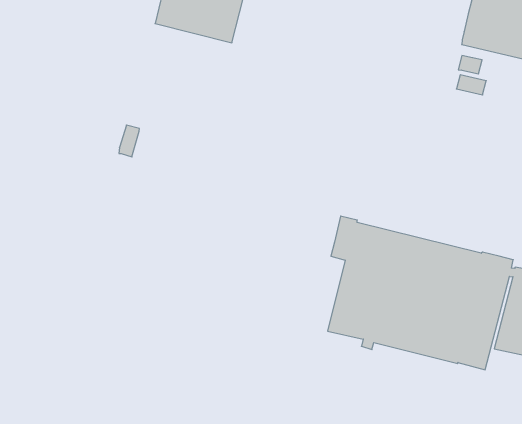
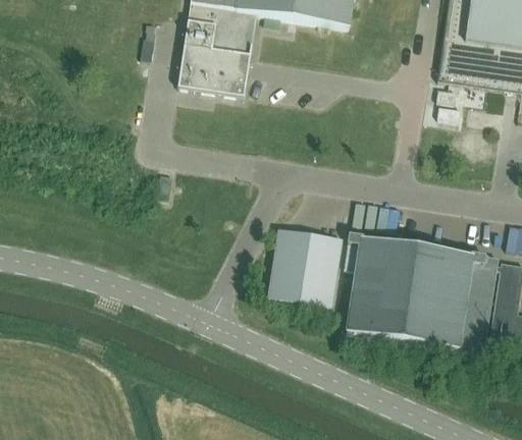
building: none -> [269,227,343,306]

